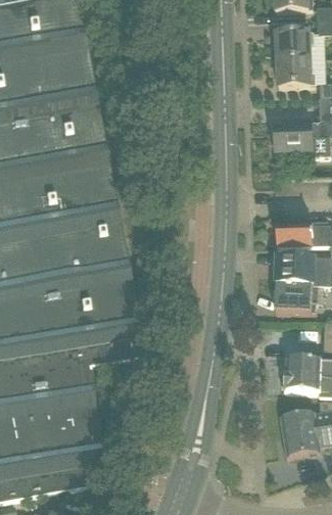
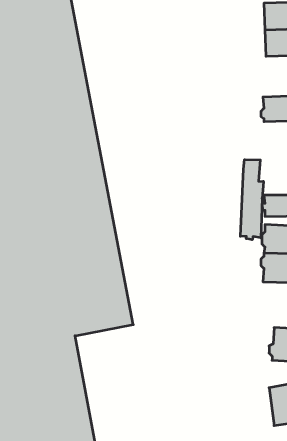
building: none -> [240,160,263,240]

